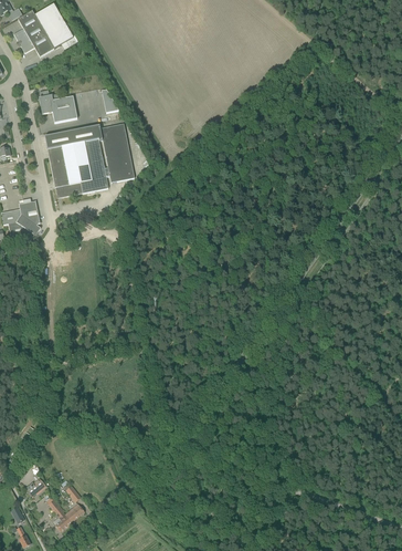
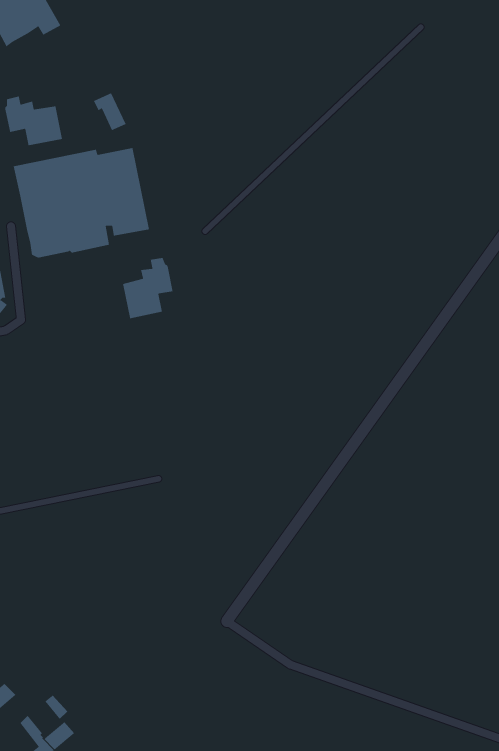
building: none -> [122,257,173,319]

